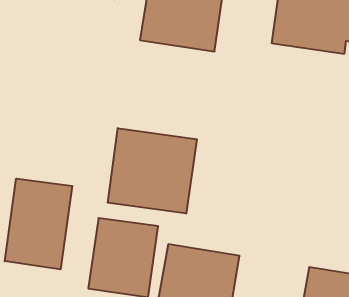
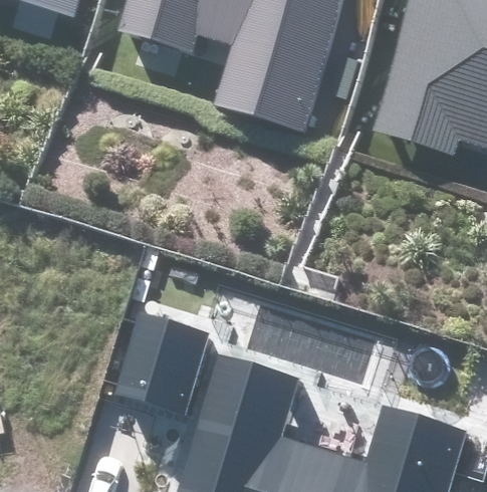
building: [108,128,197,214] -> none
building: [5,179,72,269] -> none

